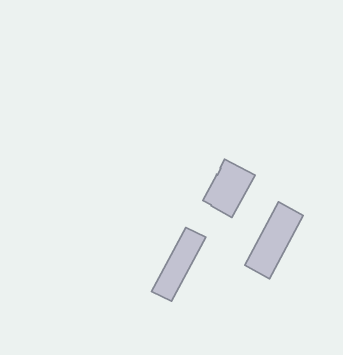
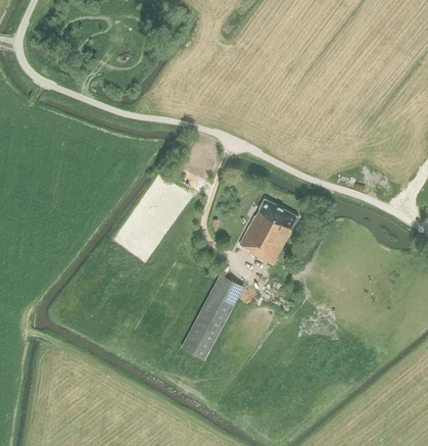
building: [245,202,303,279] -> none

